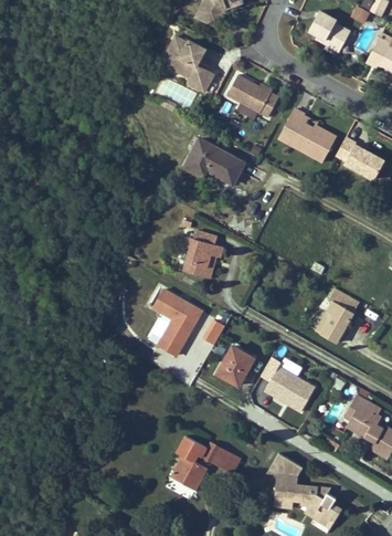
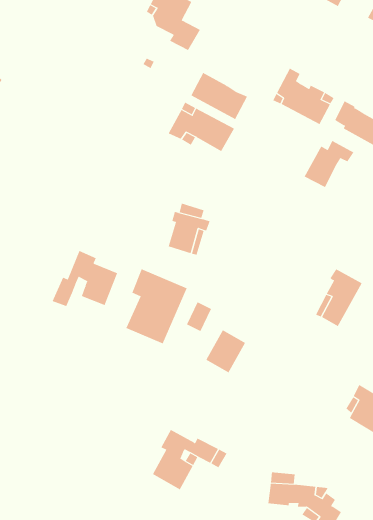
building: [226,74,278,117] -> [191,72,248,120]
building: none -> [304,140,354,188]
building: none -> [52,250,118,307]
building: [256,361,316,414] -> none
building: [267,454,304,476] -> none

